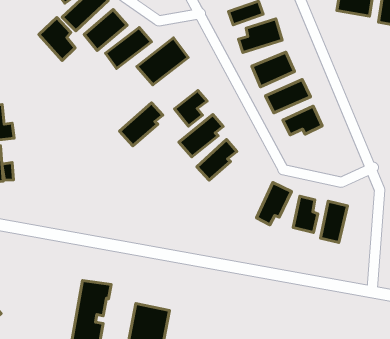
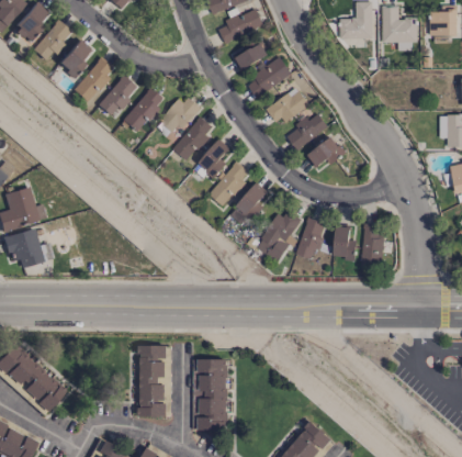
building: [39,17,75,60] -> none
building: [120,103,163,146] -> [173,116,213,161]
building: none -> [257,208,303,260]

